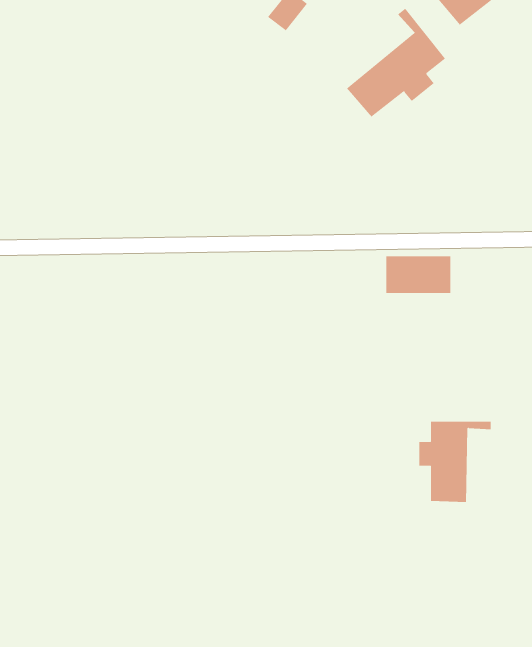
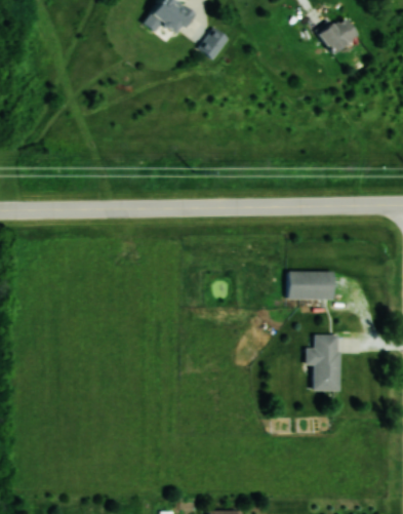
building: [346,8,446,118] -> none
building: [386,256,451,294] -> [287,272,333,299]

